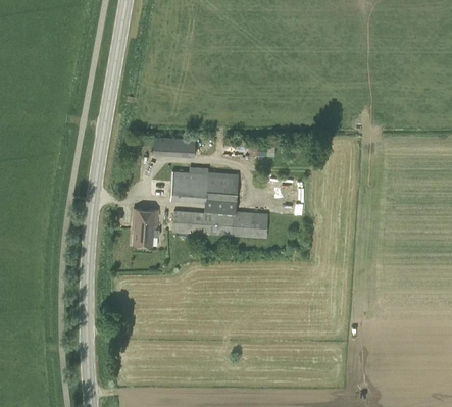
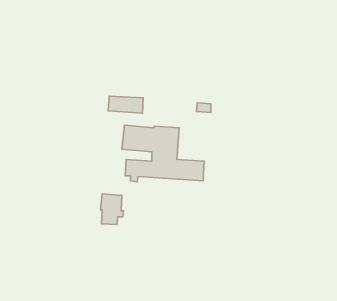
building: [133,208,160,245] -> [101,194,124,225]

